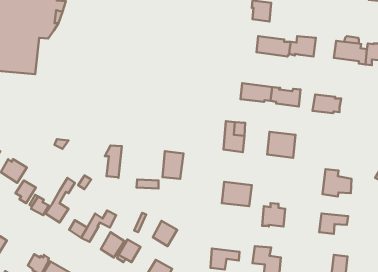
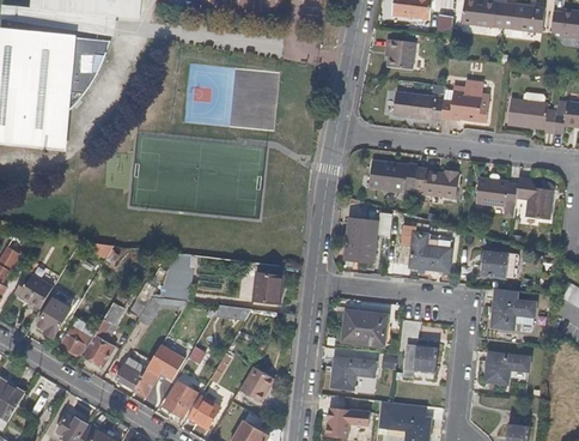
building: none -> [514,179,551,220]
building: none -> [480,249,507,277]
building: none -> [329,358,373,388]

